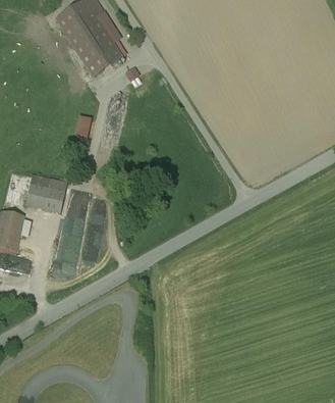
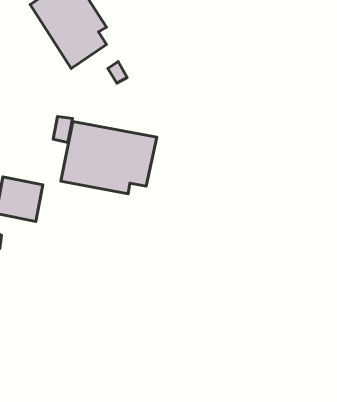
building: none -> [61,121,157,194]

